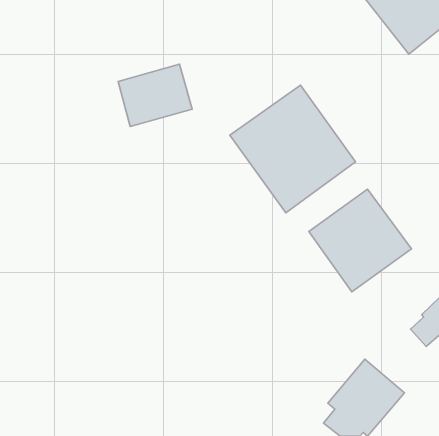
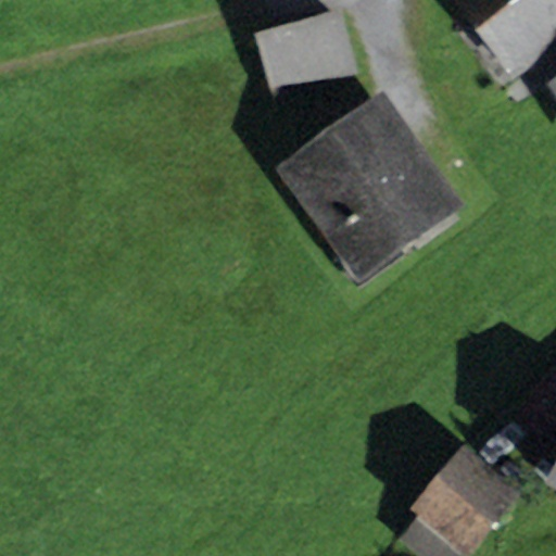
building: [118,64,192,126] -> [261,13,354,91]
building: [309,189,411,292] -> none

